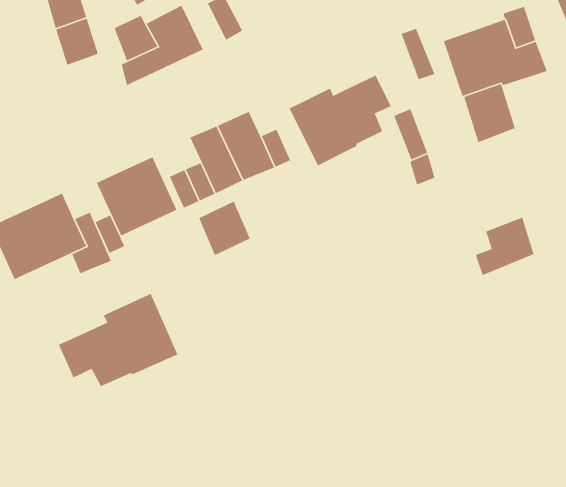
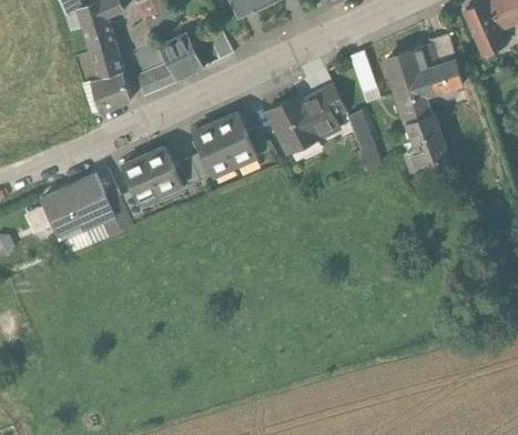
building: none -> [90,69,130,112]
building: [198,201,251,256] -> none
building: [475,216,535,276] -> [403,125,448,171]
building: [58,293,178,387] -> none

